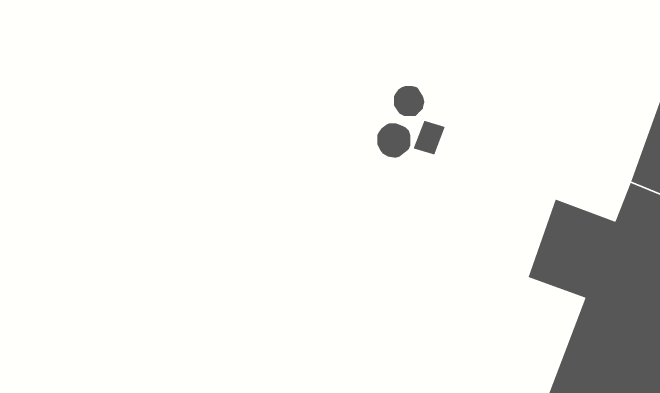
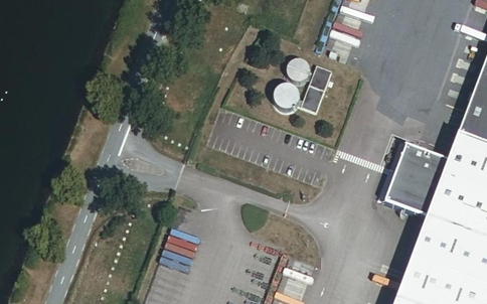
building: none -> [309,67,332,94]

